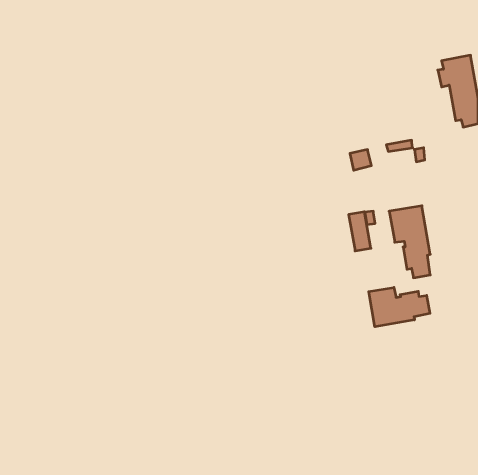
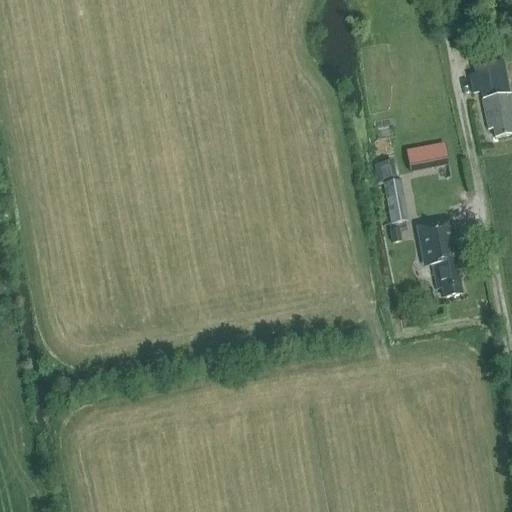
building: [349,212,371,251] -> [383,178,407,220]
building: [369,287,430,327] -> none

